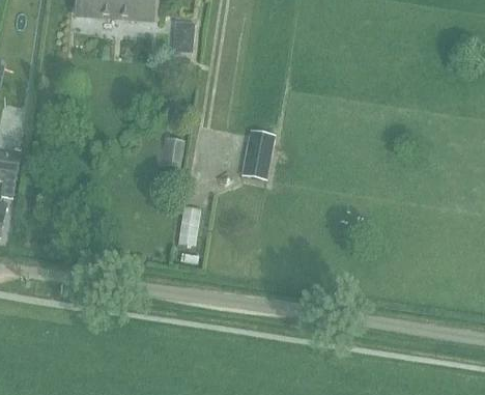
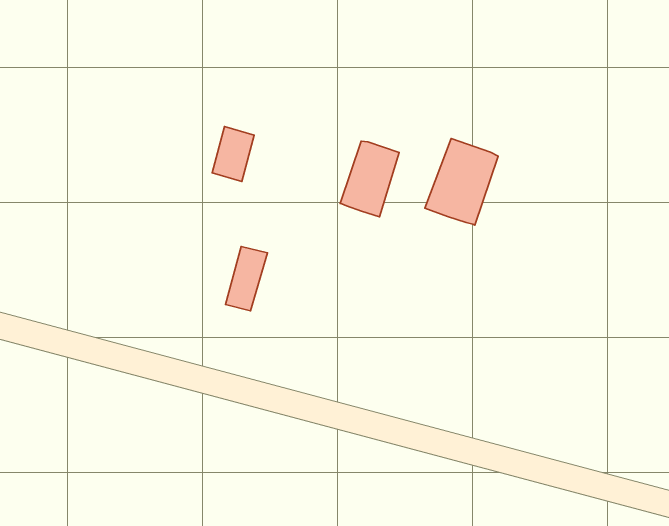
building: none -> [425,139,498,225]

